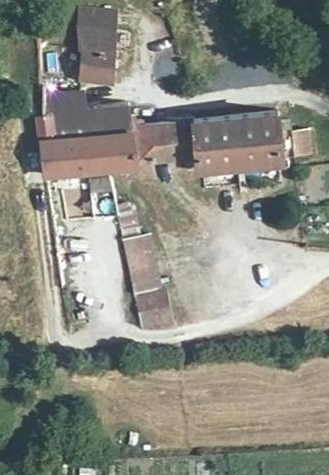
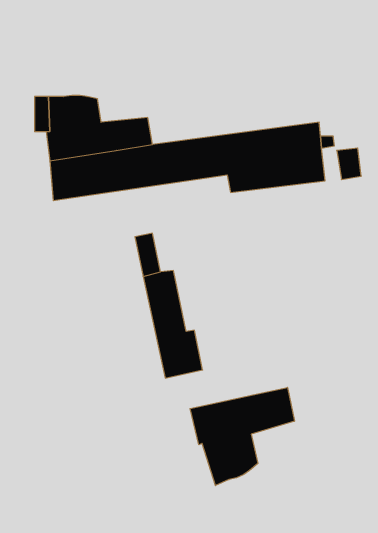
building: [78,14,115,85] -> none
building: none -> [190,387,294,486]

